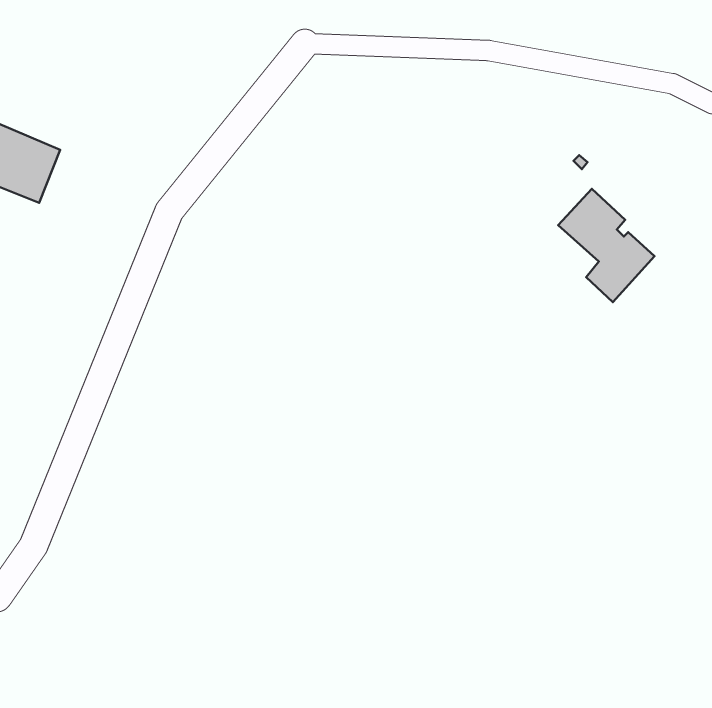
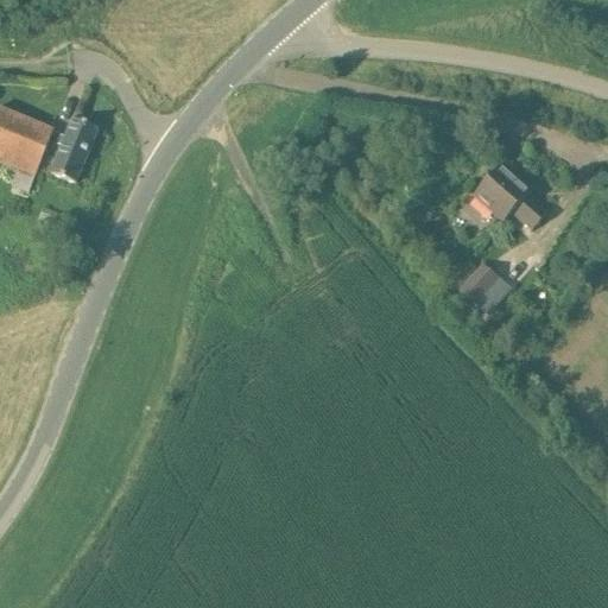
building: none -> [49,115,95,179]
building: none -> [457,260,506,303]

